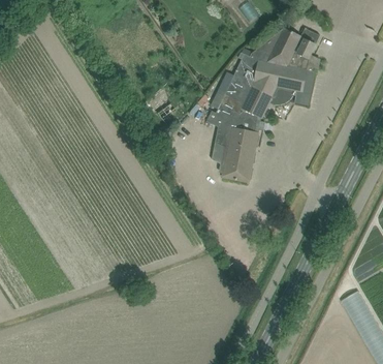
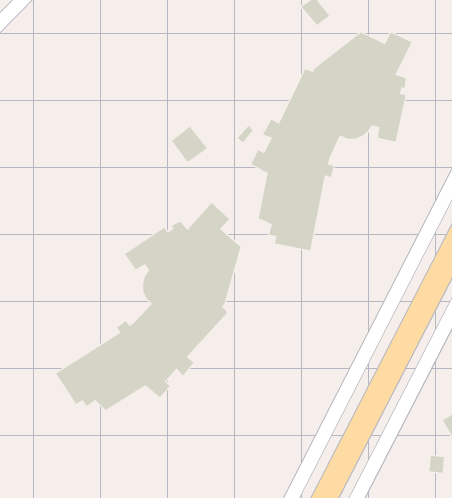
building: none -> [55,202,241,411]

